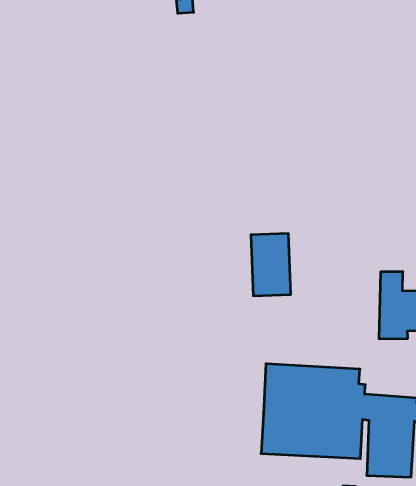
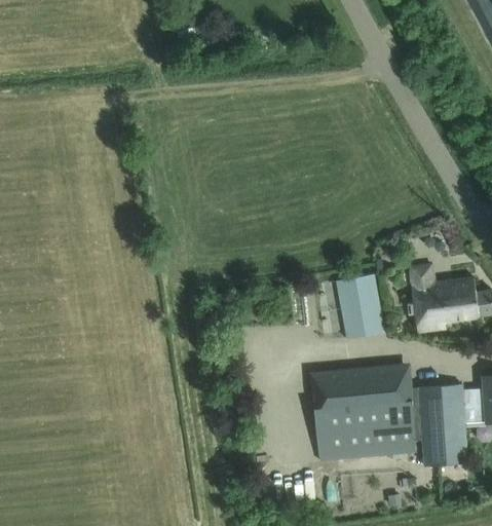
building: [251,234,291,296] -> [337,274,383,339]

